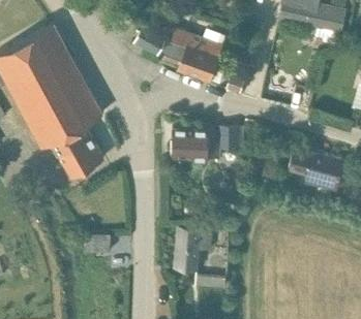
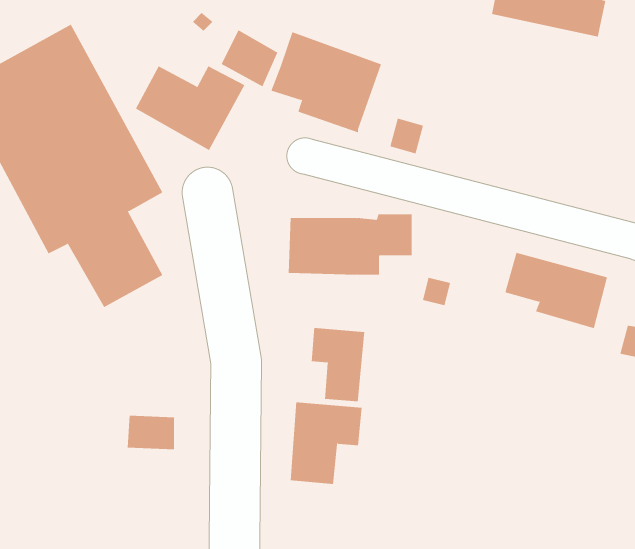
building: none -> [135,65,245,151]
building: none -> [311,327,365,402]

